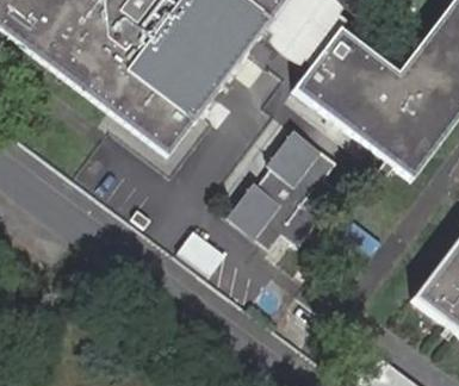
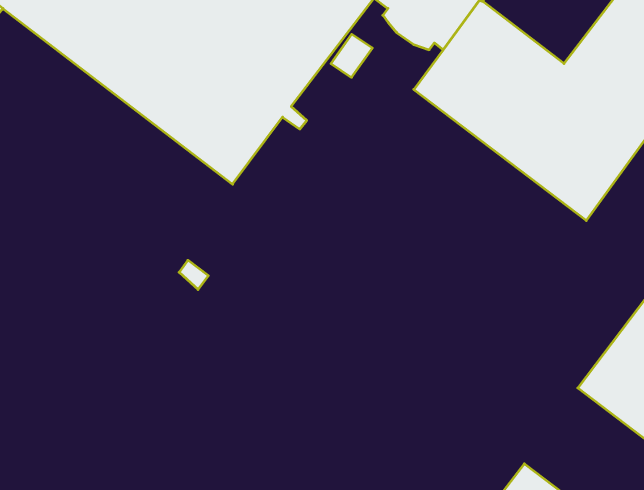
building: [228,130,339,250] -> none

